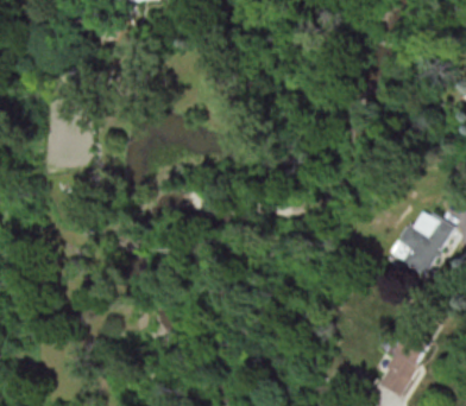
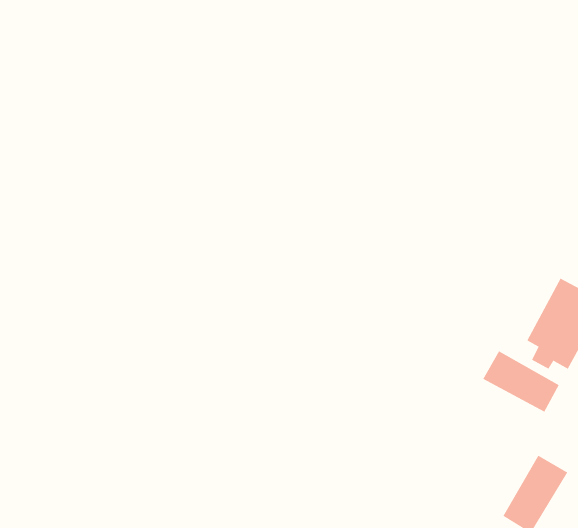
building: none -> [483,351,559,413]

